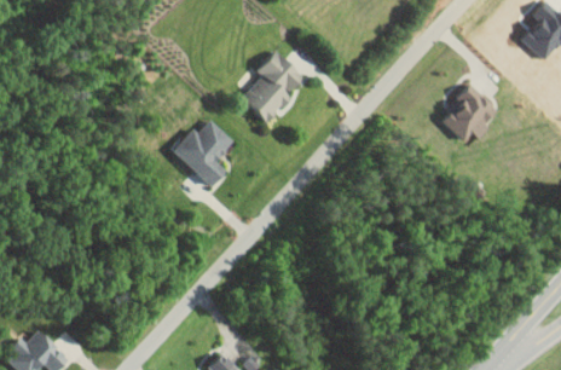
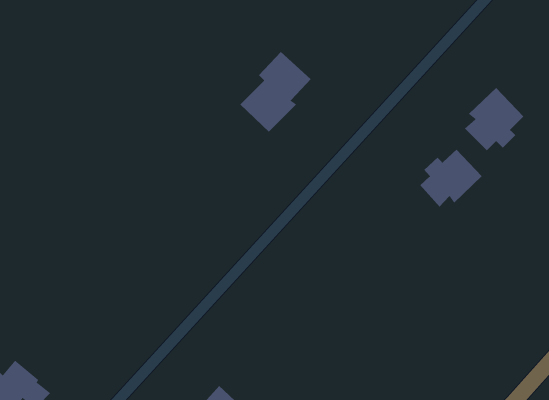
building: [172,120,232,187] -> none
building: none -> [419,149,483,207]

